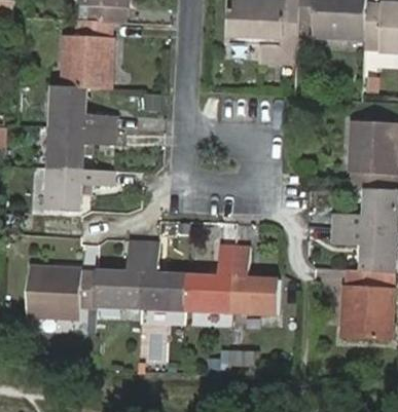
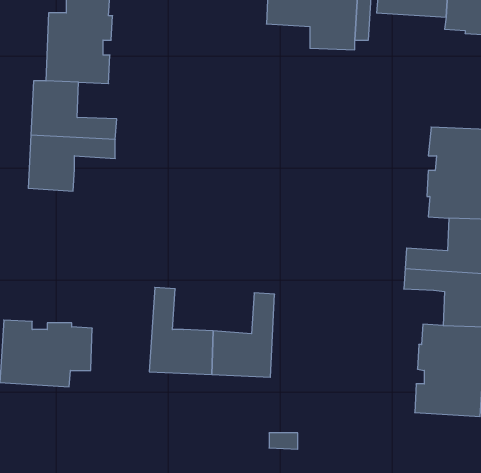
building: [46,167,112,211] -> none
building: [96,241,144,306] -> none
building: [231,248,279,313] -> none

